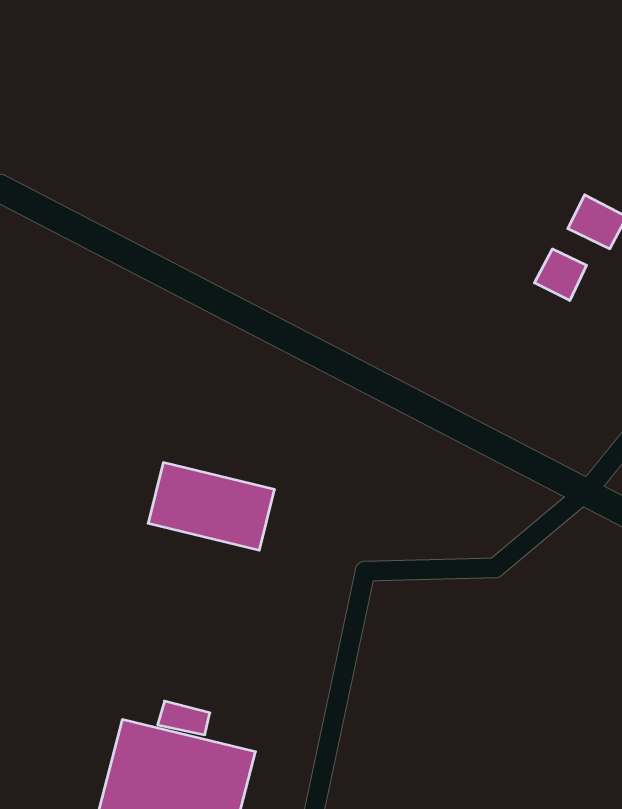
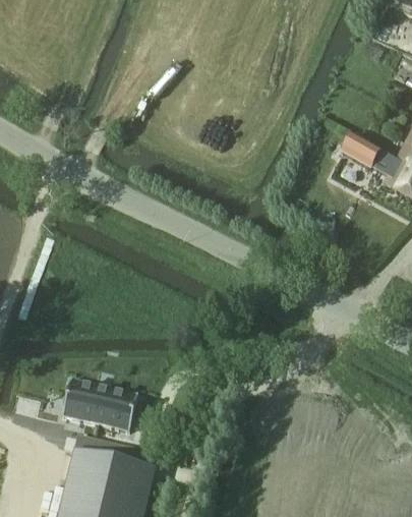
building: [534,249,587,301] -> none
building: [148,463,275,550] -> [61,380,137,433]

